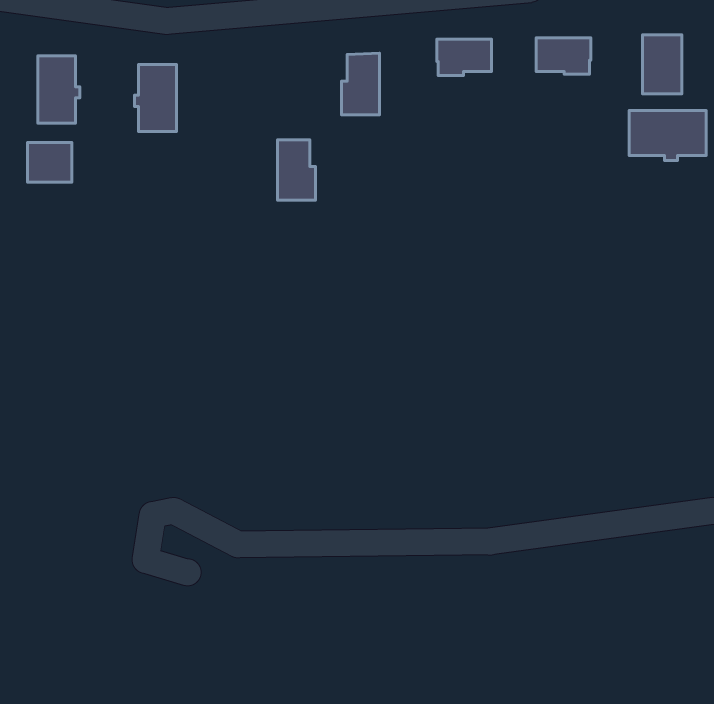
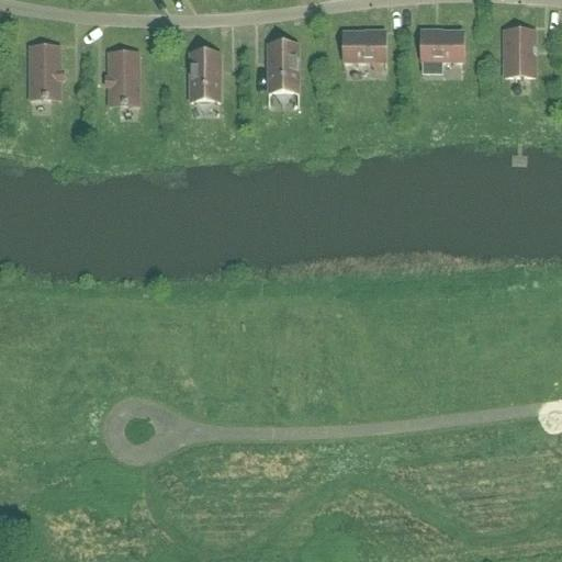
building: [629,110,706,160] -> none
building: [278,140,315,200] -> [190,52,220,99]
building: [27,143,72,182] -> none

